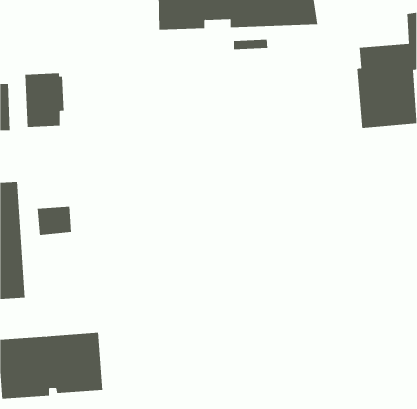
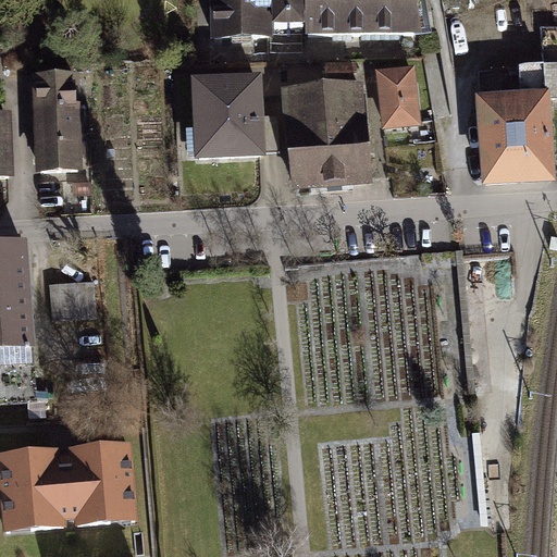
building: none -> [376,62,421,124]
building: none -> [32,69,77,99]
building: none -> [190,72,280,158]
building: none -> [281,81,372,186]

